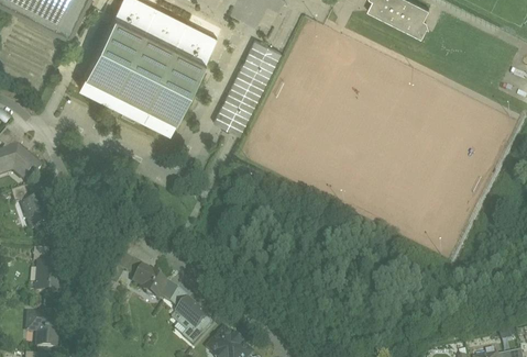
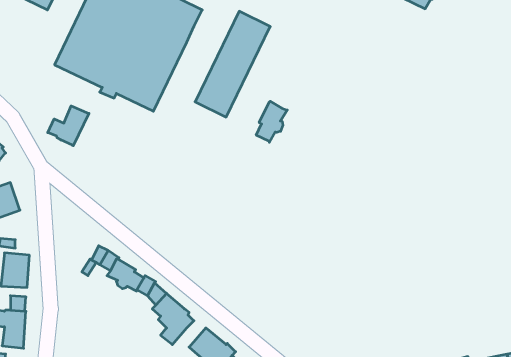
building: none -> [256,101,287,142]
building: none -> [48,106,89,146]

